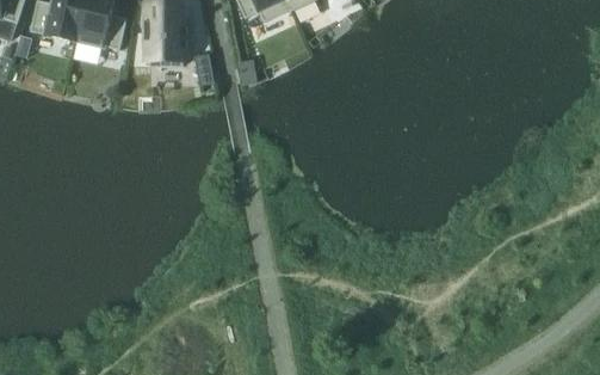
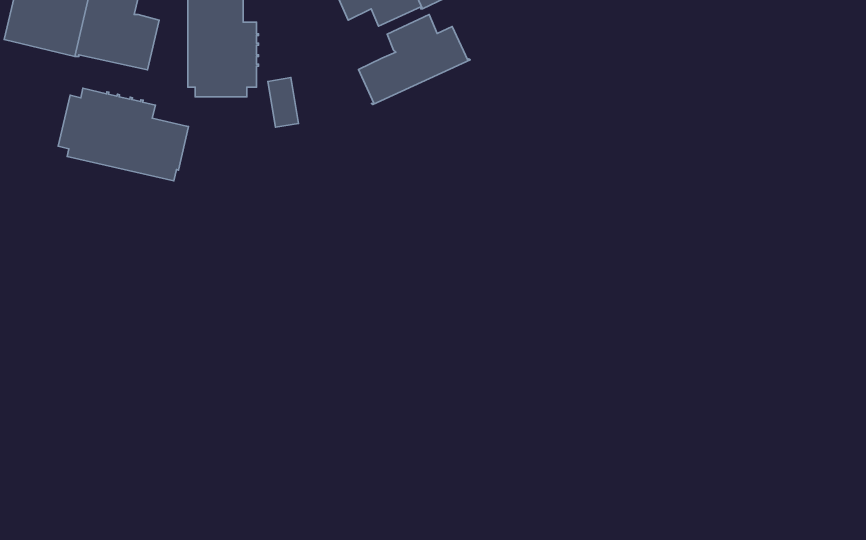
building: none -> [358,14,470,104]
building: none -> [58,88,189,181]

